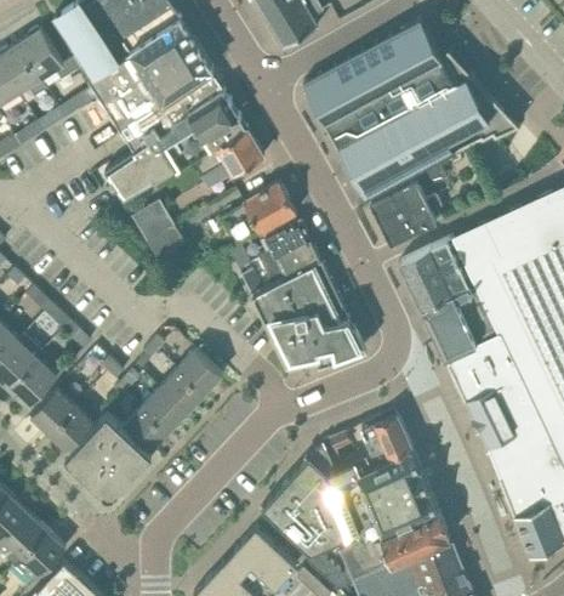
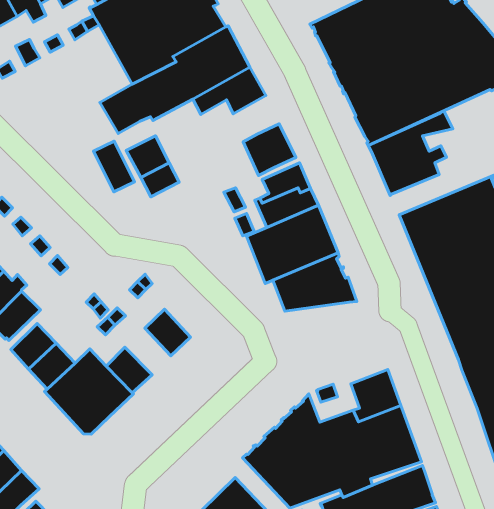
building: none -> [94,141,134,192]
building: [178,351,223,395] -> none
building: [142,388,187,433] -> none

